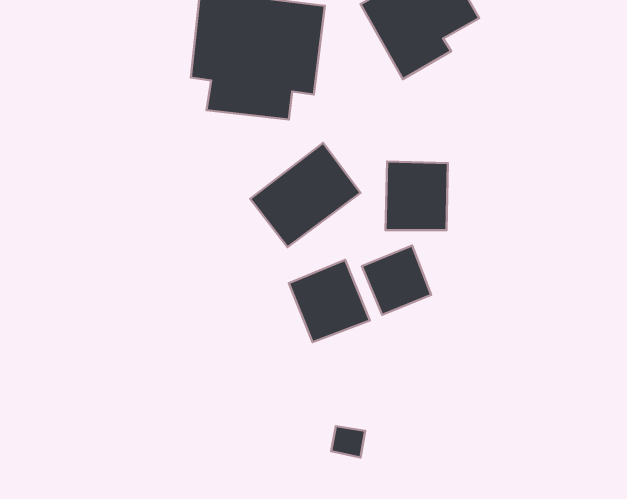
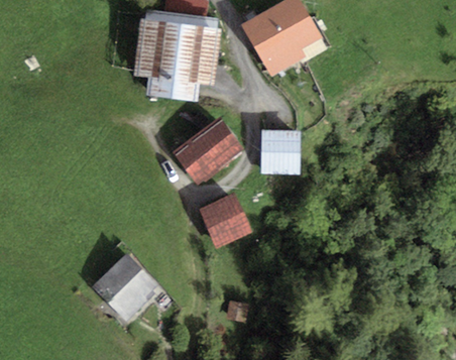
building: [362,245,431,315] -> none
building: none -> [90,253,158,322]

